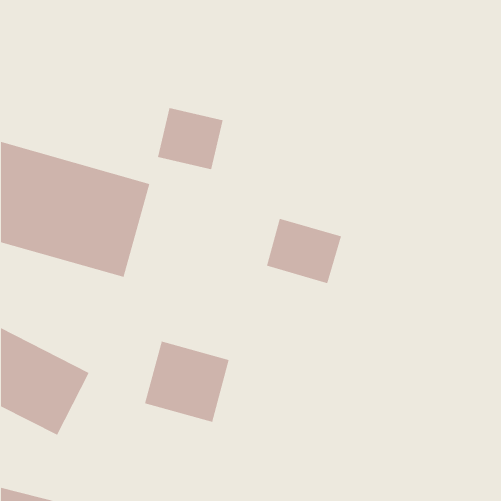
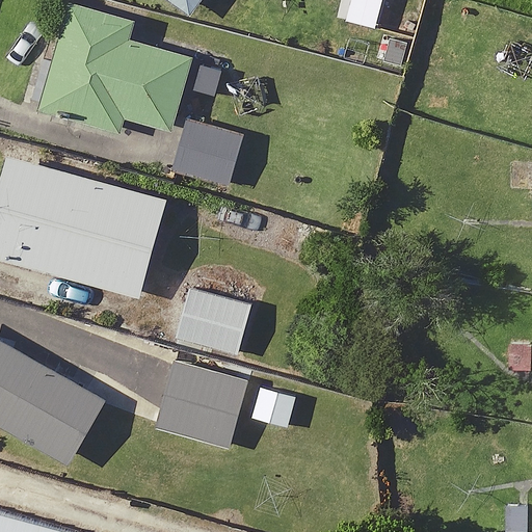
building: none -> [37,18,190,132]
building: [266,218,342,284] -> [174,287,252,355]

